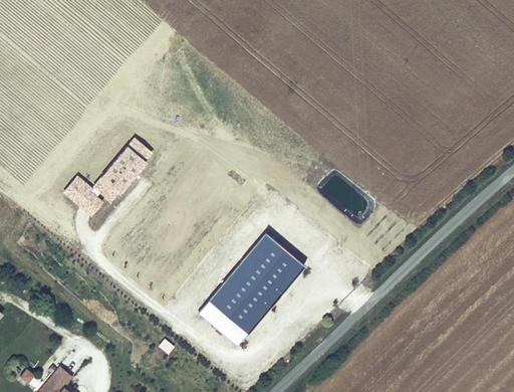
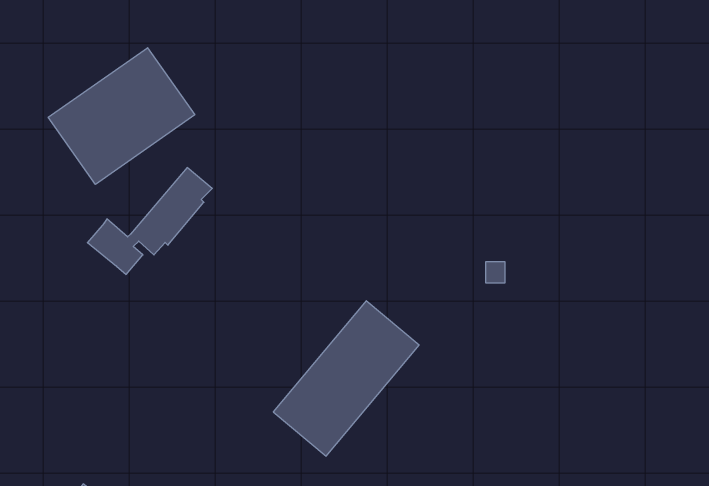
building: none -> [48,48,195,184]

